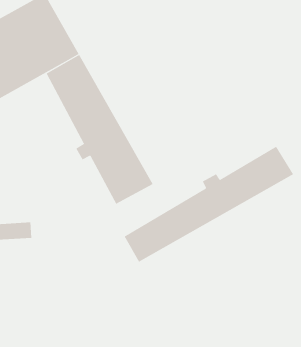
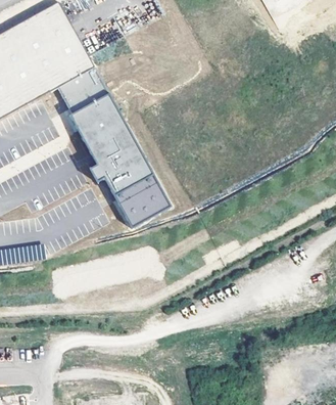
building: [124,146,294,263] -> none

